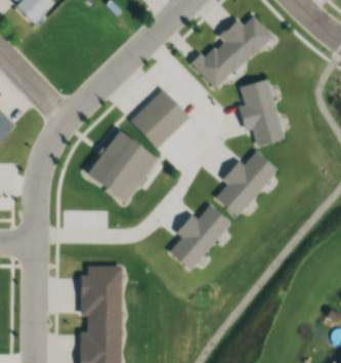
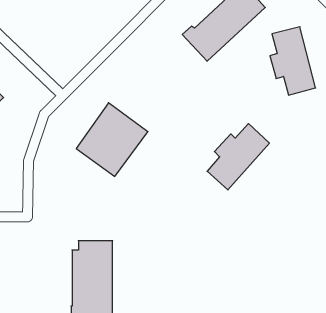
building: [239,79,284,147] -> [270,27,316,95]
building: [130,89,189,149] -> none
building: [169,204,229,270] -> none

